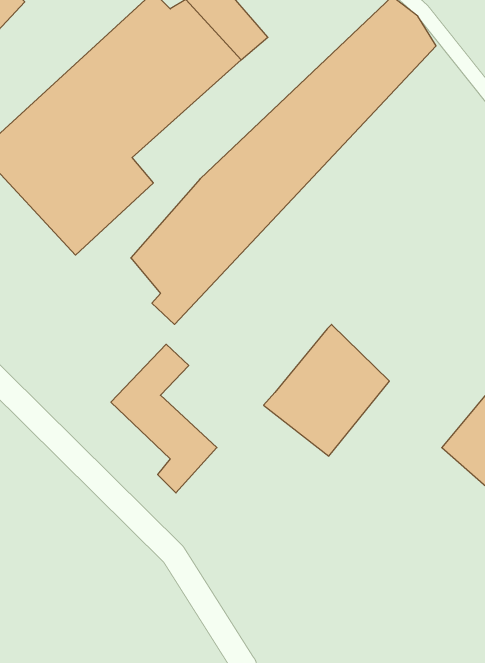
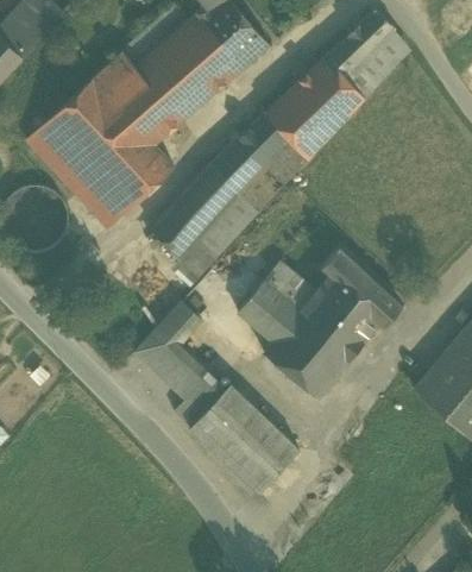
building: none -> [321,247,401,333]
building: none -> [237,259,317,342]
building: none -> [189,384,298,492]

